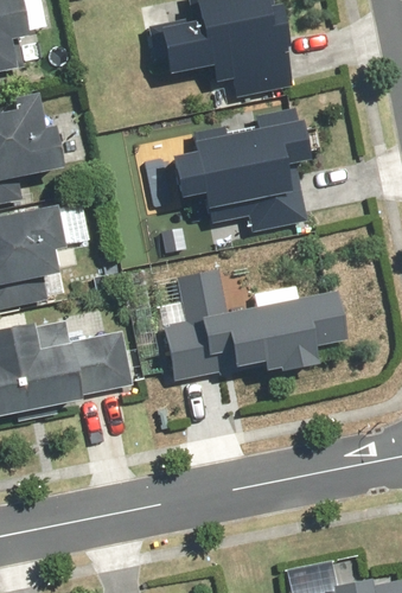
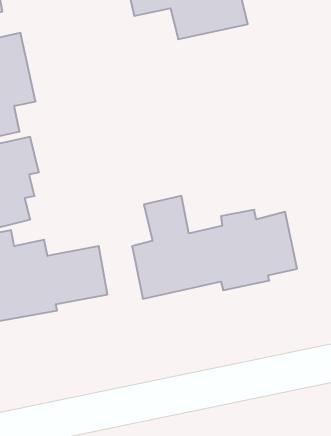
building: [166,108,313,230] -> none

